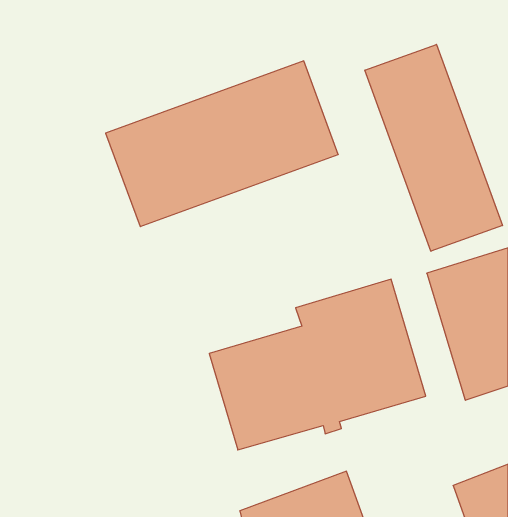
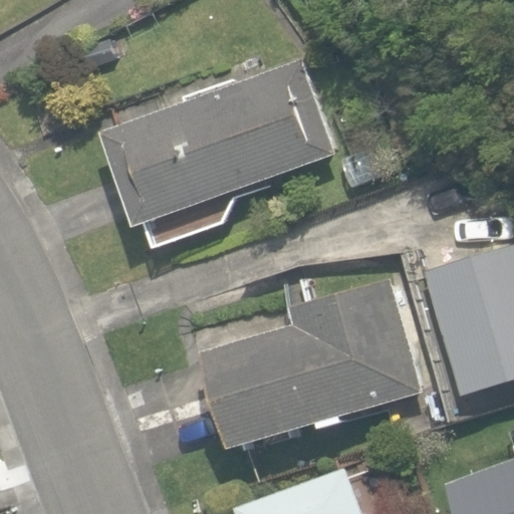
building: [365,44,502,251] -> none

